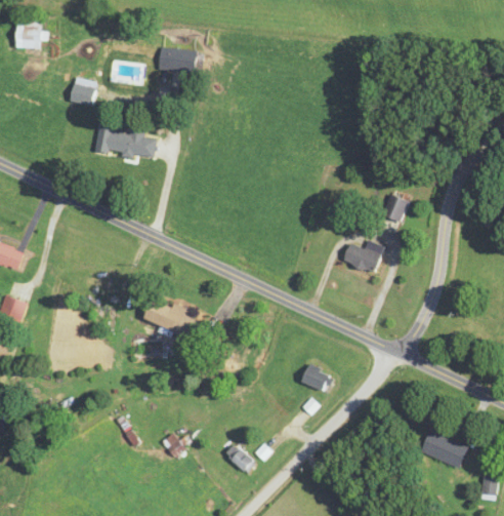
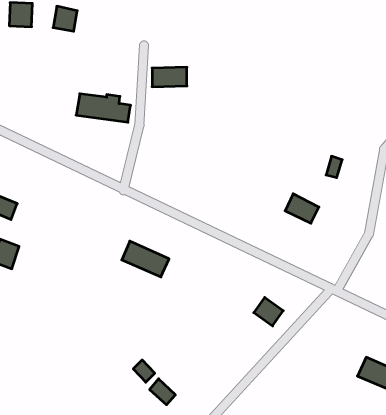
building: [160,49,200,72] -> [152,67,187,87]
building: [70,77,97,106] -> [53,6,77,31]
building: [226,442,256,472] -> [150,379,175,405]

